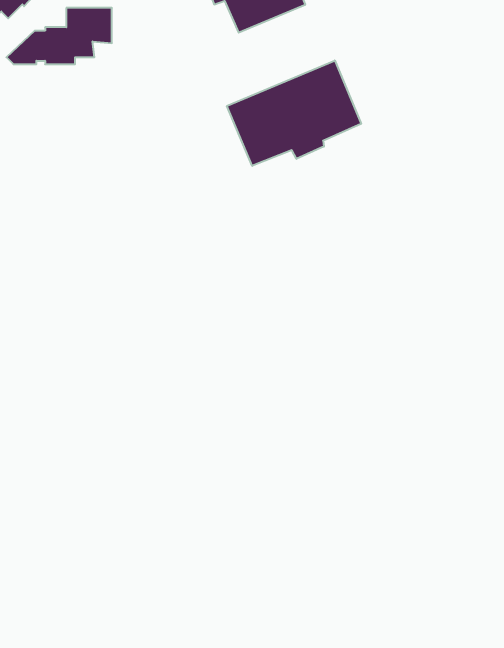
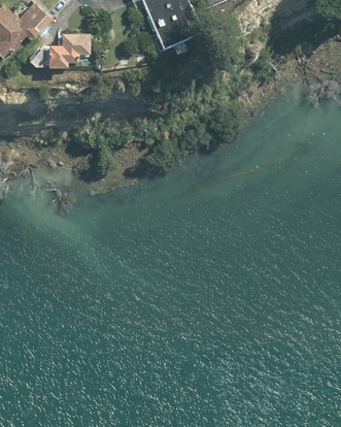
building: [227,60,361,166] -> none

